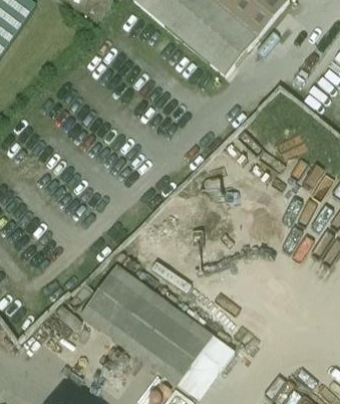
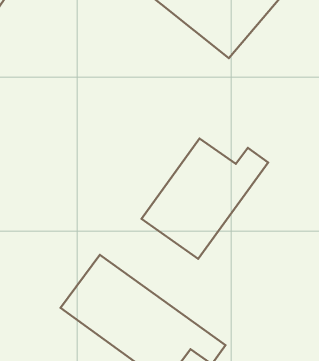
building: none -> [142,138,268,259]

